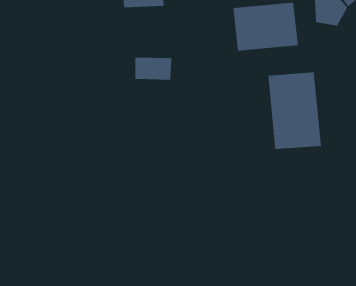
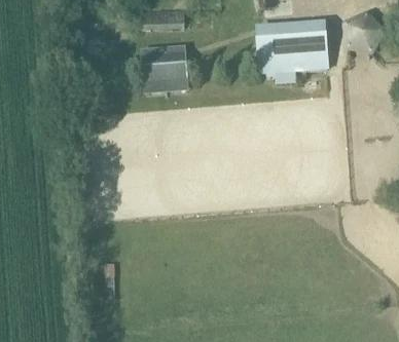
building: none -> [142,48,188,77]
building: [268,72,321,150] -> none

